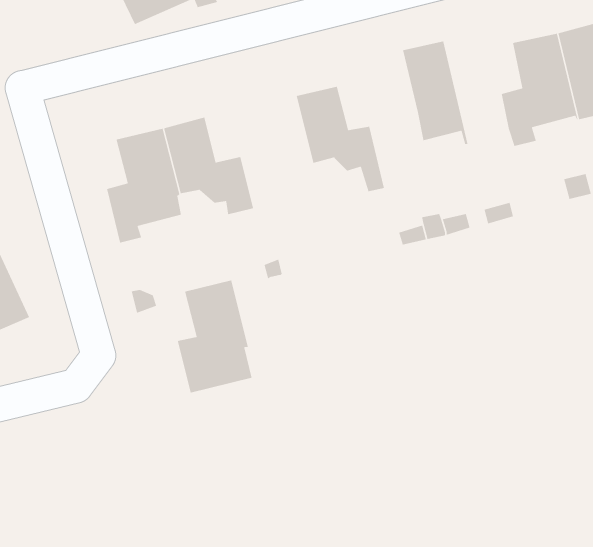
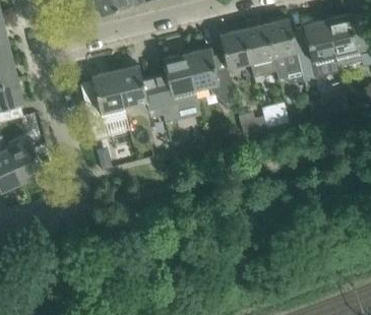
building: none -> [266,18,301,79]
building: none -> [219,28,252,69]
building: [177,280,253,393] -> [158,53,198,114]

